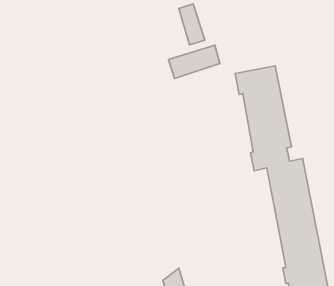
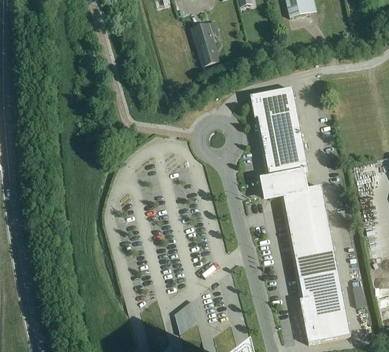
building: [169,45,220,79] -> none

